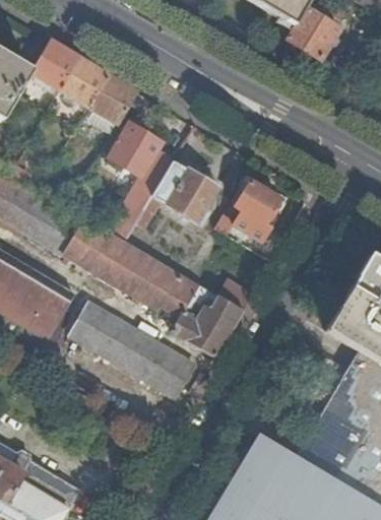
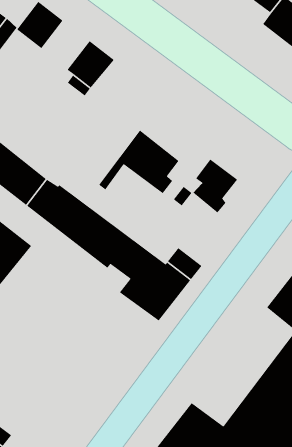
building: [61,57,110,108] -> none
building: [107,123,174,241] -> none
building: [71,303,194,396] -> none

